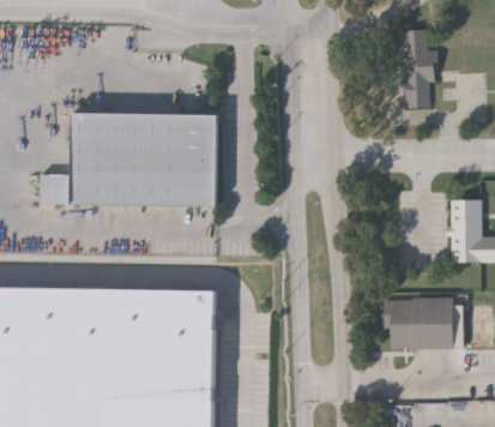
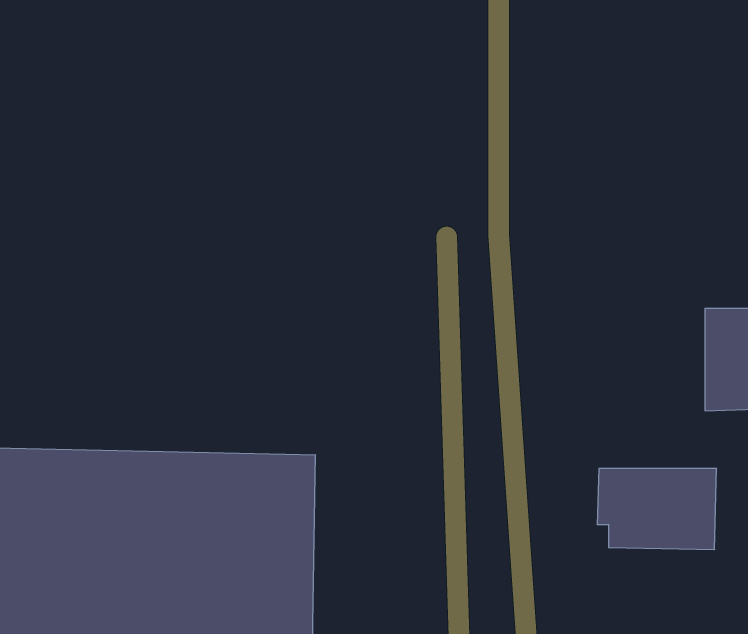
building: [405,31,434,109] -> none
building: [40,112,216,205] -> none

